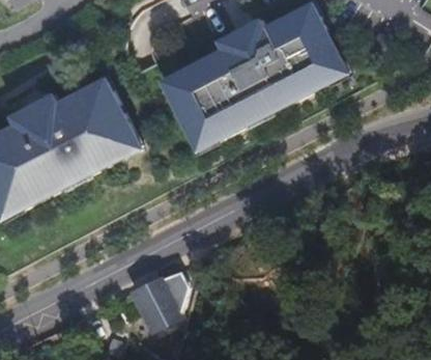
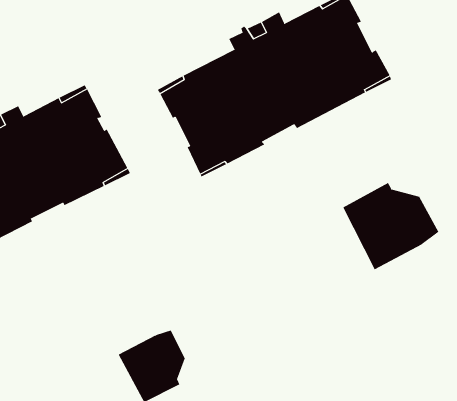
building: none -> [343,182,439,270]

